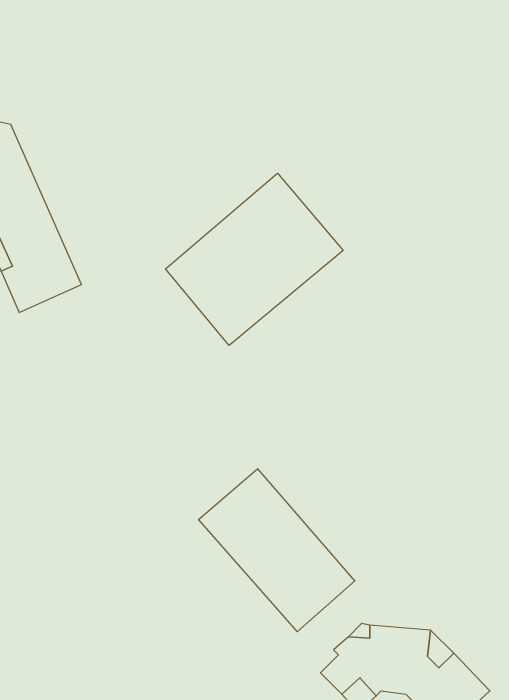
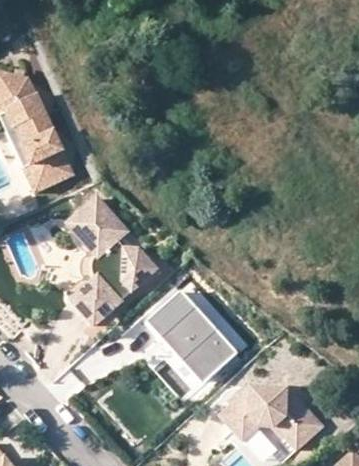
building: [165,173,343,345] -> none
building: none -> [68,196,161,326]

